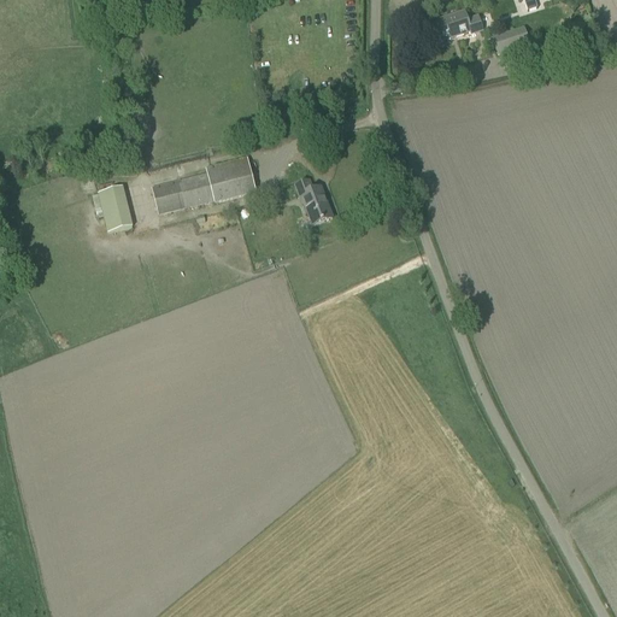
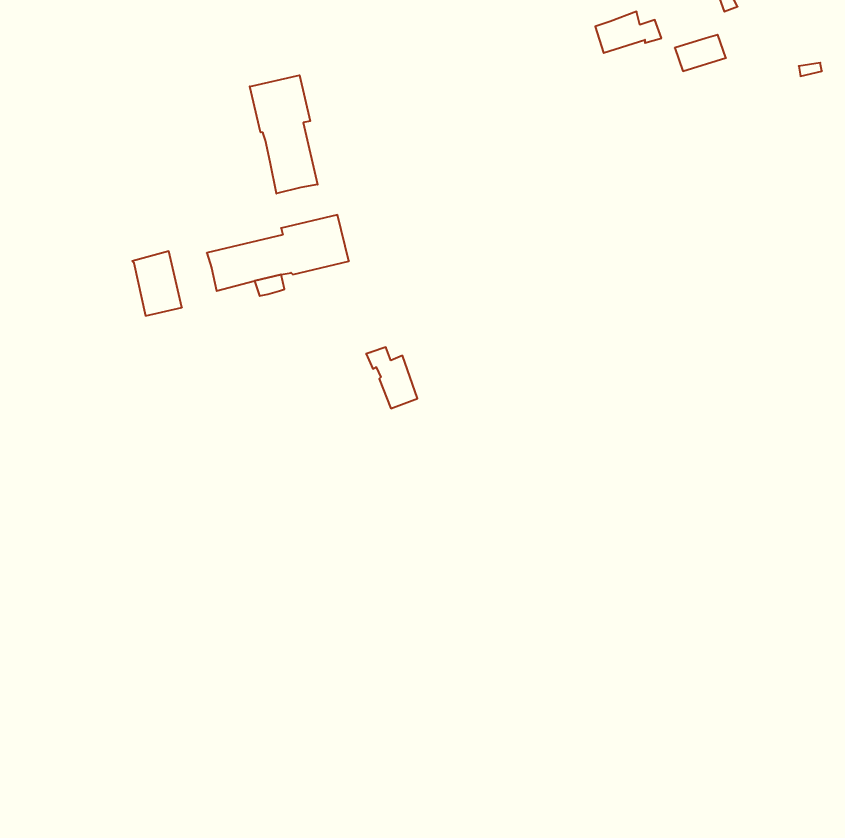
building: none -> [250,75,318,194]
building: [294,178,331,223] -> [366,347,417,408]

